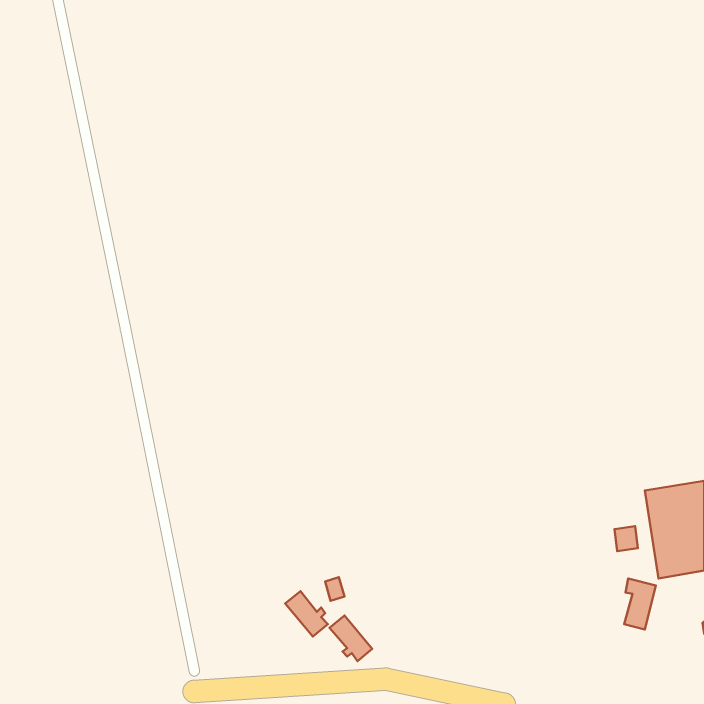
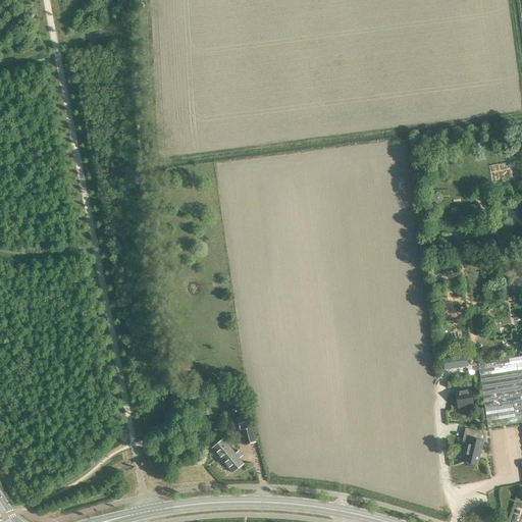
building: [330,615,372,661] -> none

